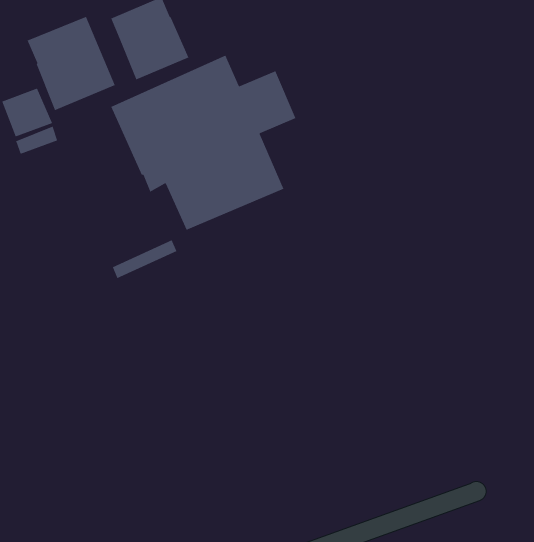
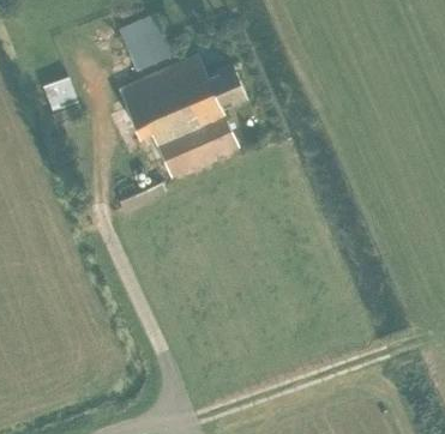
building: [27,16,116,111] -> none

